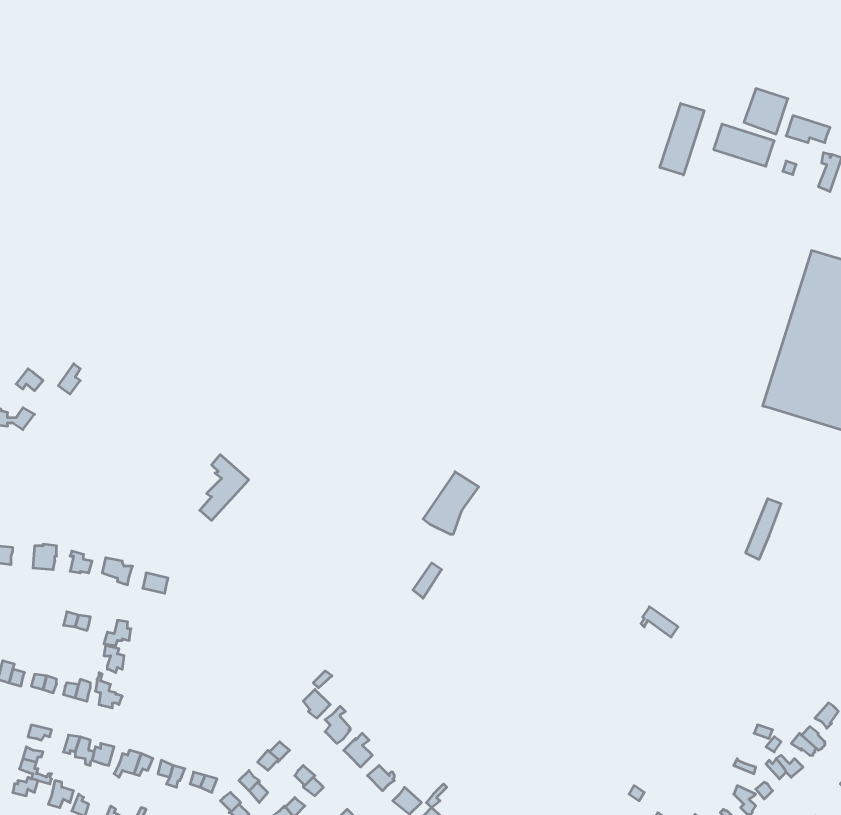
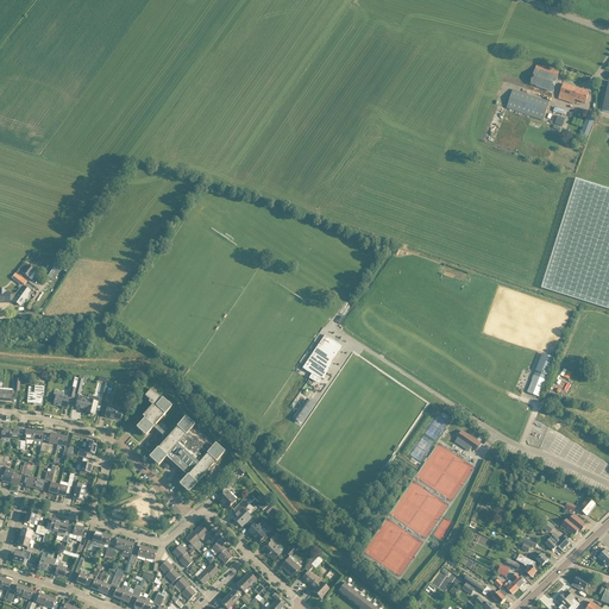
building: [660,103,704,175] -> none
building: [200,455,249,520] -> [137,388,171,434]
building: none -> [150,416,224,491]

